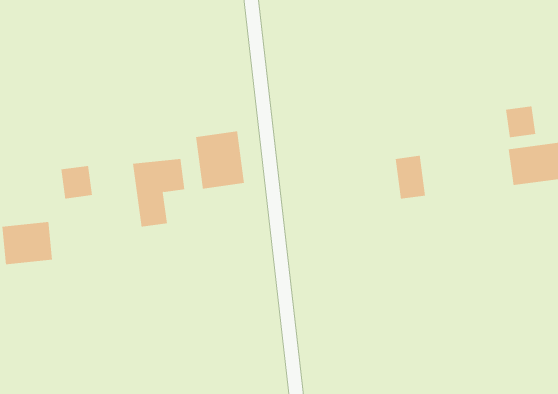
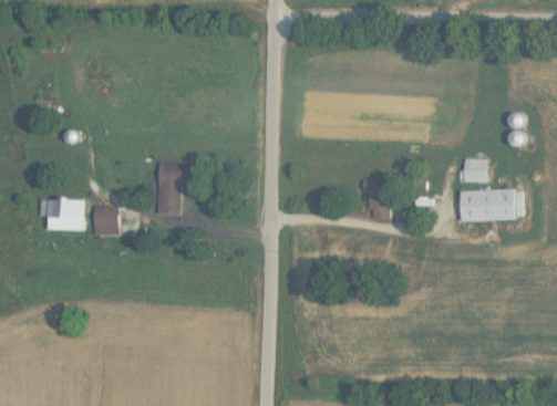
building: [195,130,245,189] -> none
building: [60,165,93,199] -> [93,209,116,233]

